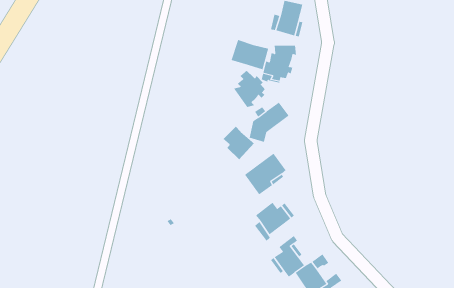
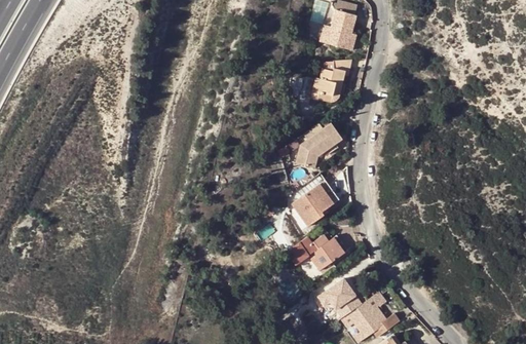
building: [231,39,269,70] -> none
building: [233,70,266,108] -> none
building: [223,126,255,160] -> none

